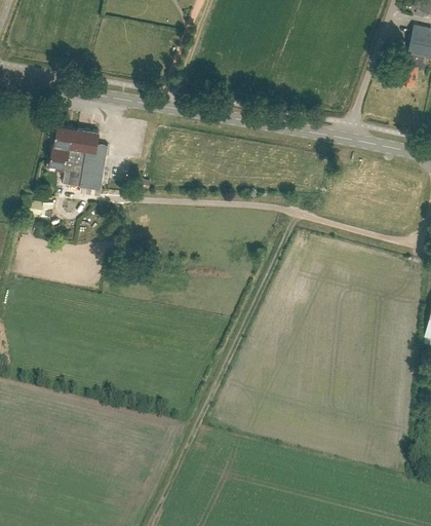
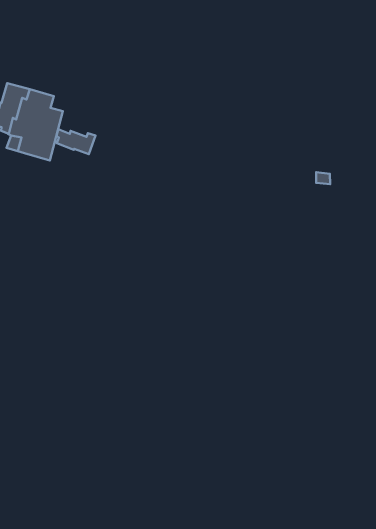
building: none -> [56,129,96,154]

